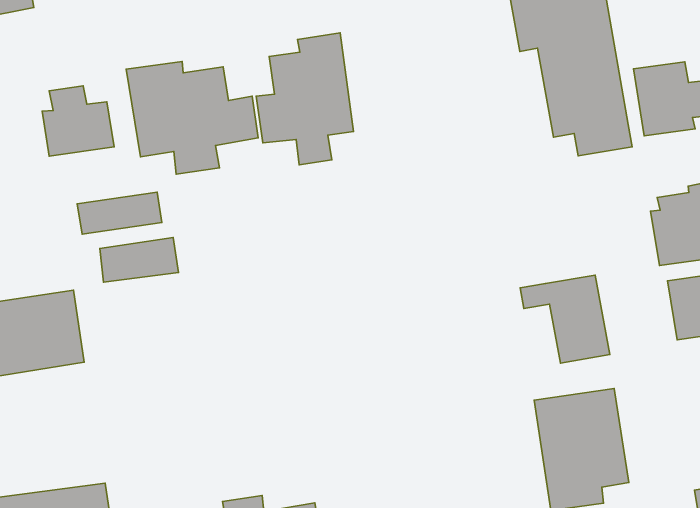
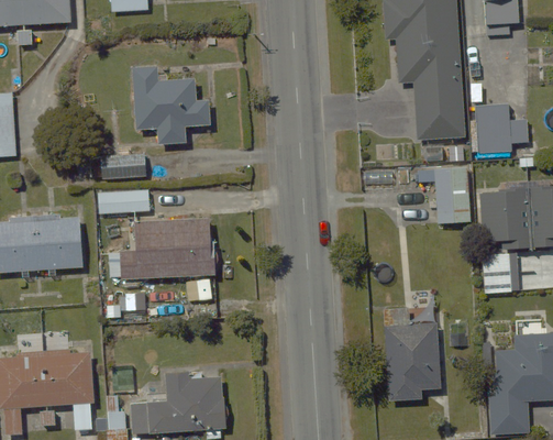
building: [256,33,353,165] -> none
building: [42,86,114,156] -> none
building: [520,275,610,363] -> [417,166,473,223]
building: none -> [121,222,214,280]

